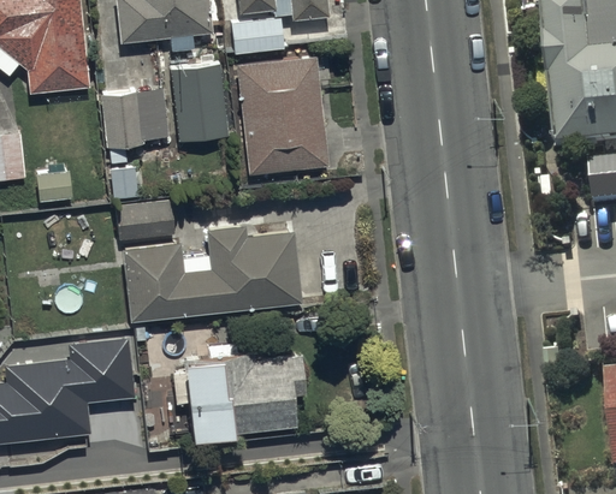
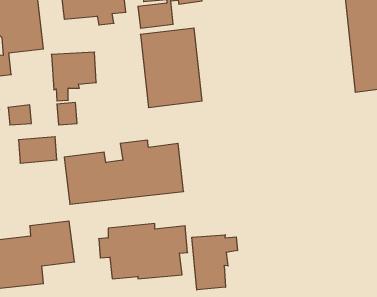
building: [170,63,229,143] -> none
building: [116,200,173,239] -> [18,137,57,163]
building: none -> [192,235,237,290]

